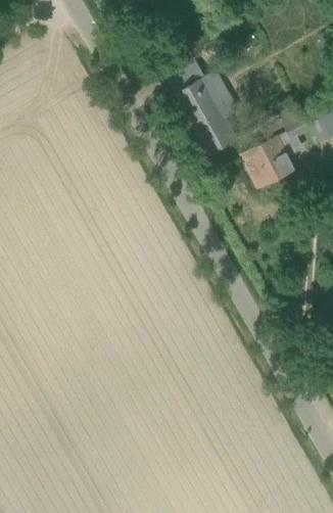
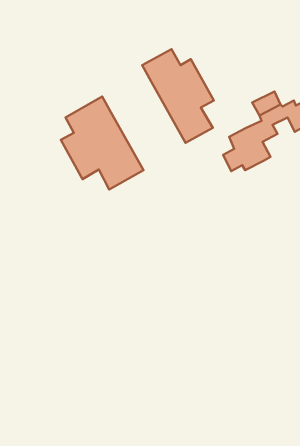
building: none -> [61,97,143,190]

